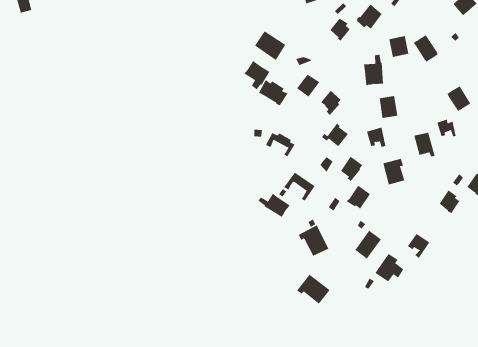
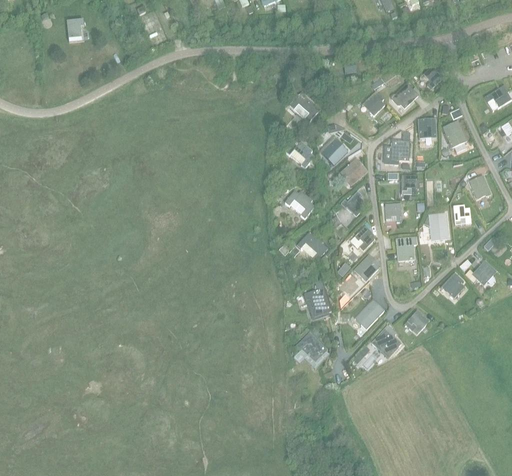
building: [244,60,270,90] -> none
building: [258,193,290,218] -> none

